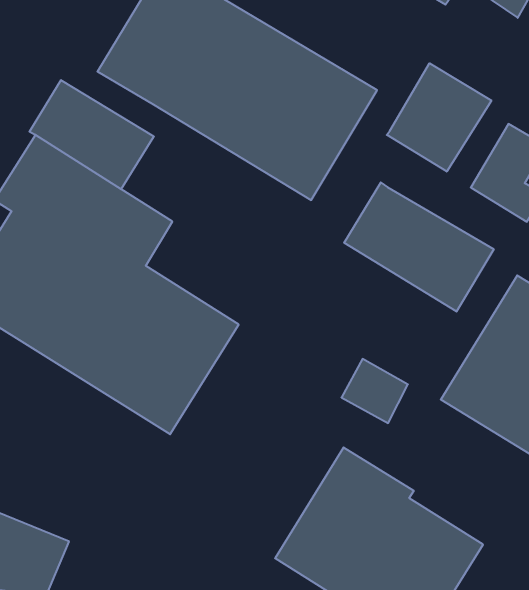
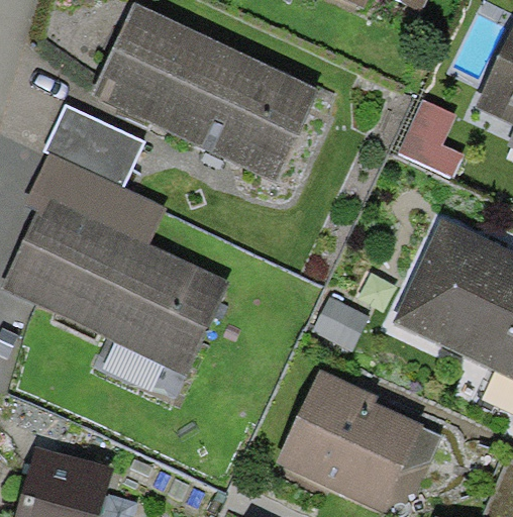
building: [387,63,491,172] -> none
building: [344,182,494,312] -> none

